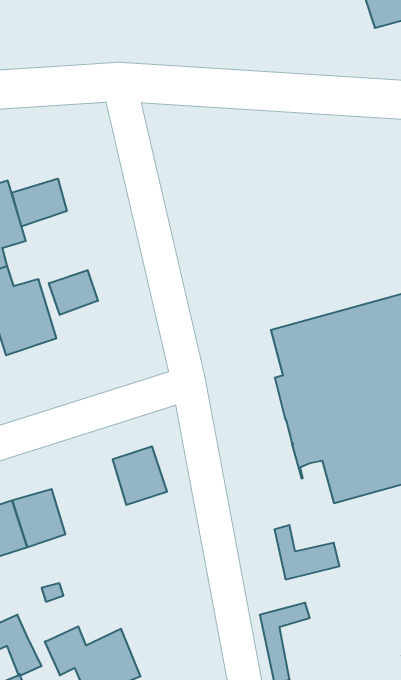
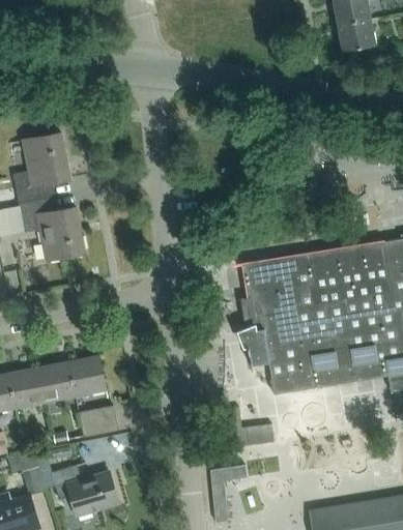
building: [12,179,67,226] -> none
building: [49,270,98,315] -> none
building: [113,447,167,505] -> [68,355,106,395]
building: none -> [79,405,117,435]

